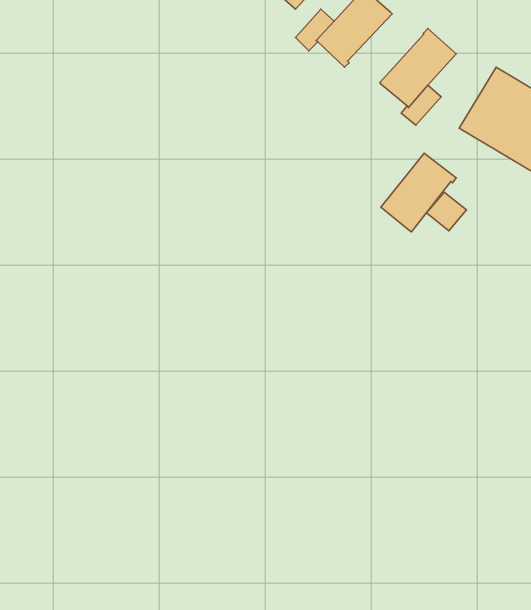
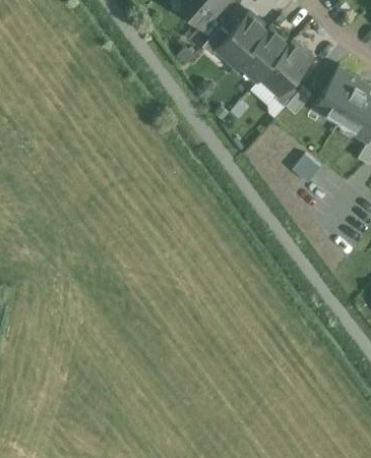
building: none -> [239,27,291,82]
building: [381,153,456,232] -> none

